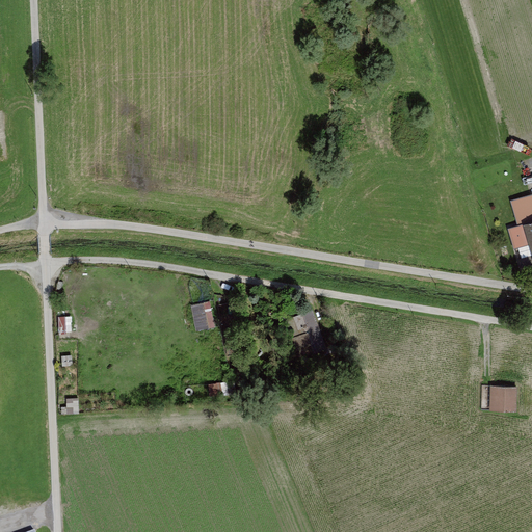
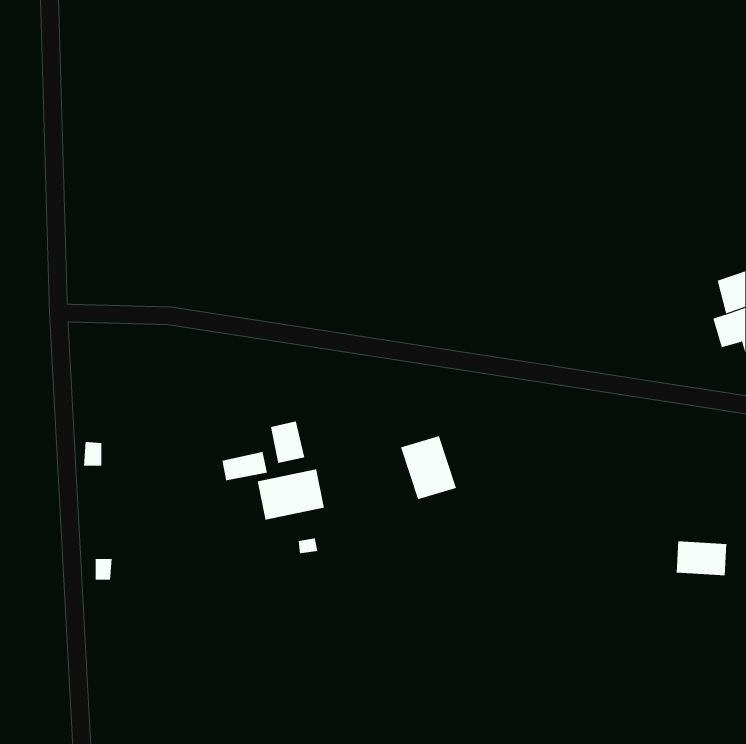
building: none -> [222,451,268,481]
building: none -> [257,468,324,521]

